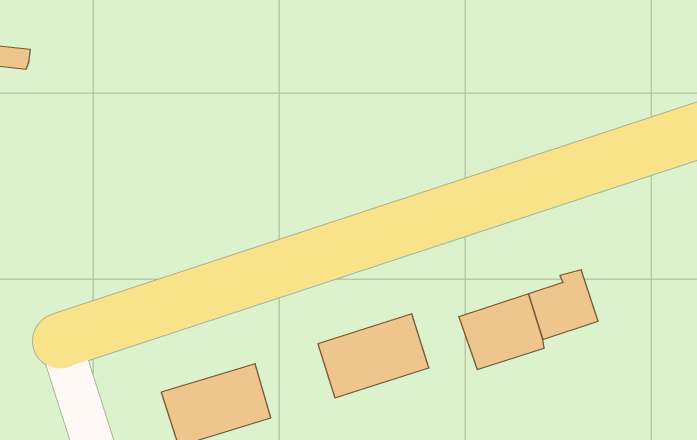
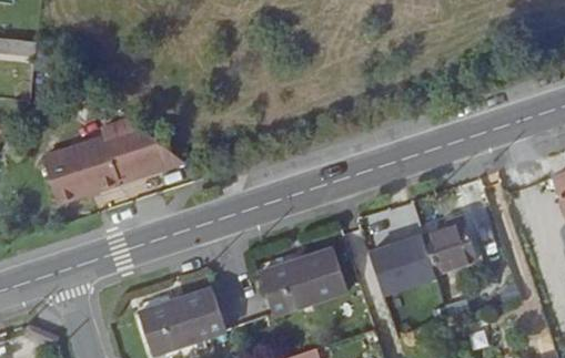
building: none -> [46,125,180,207]

